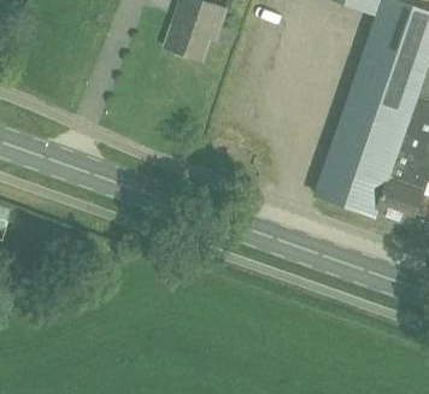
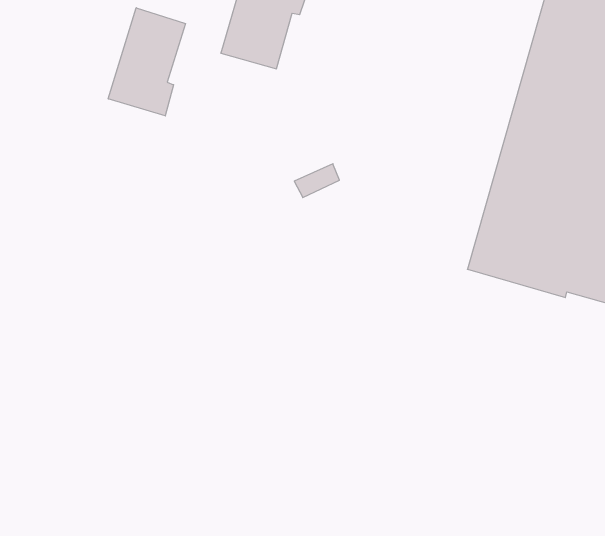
building: none -> [108,8,186,116]

